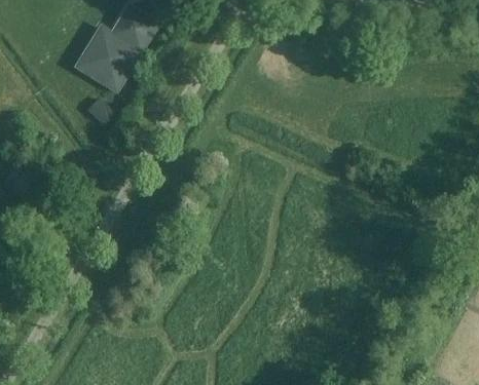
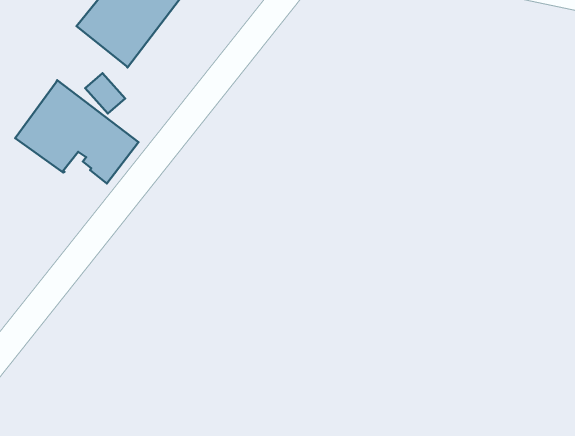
building: none -> [15,80,139,183]

